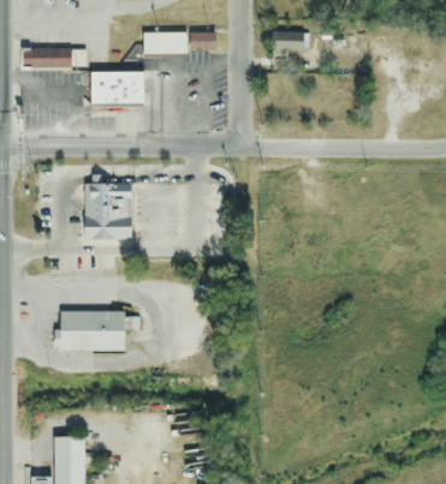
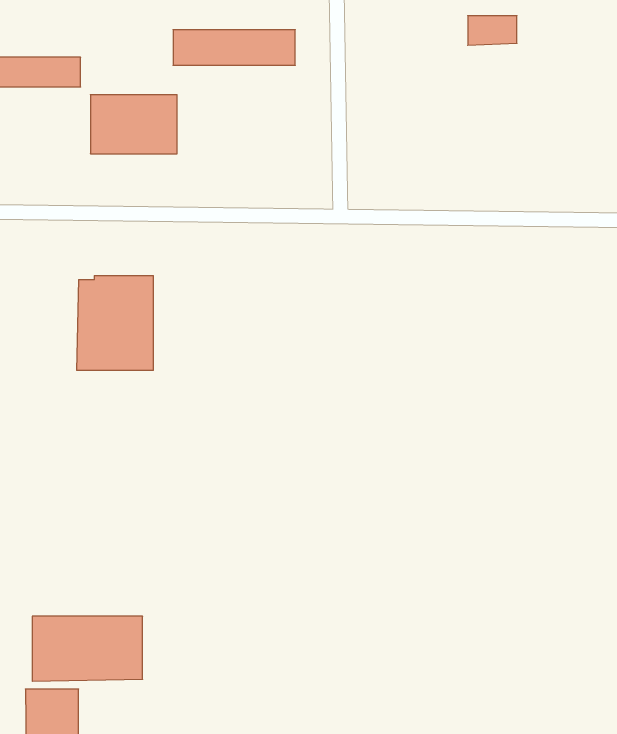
building: [274,31,304,49] -> [468,16,517,45]
building: [58,311,125,351] -> [32,616,143,681]

